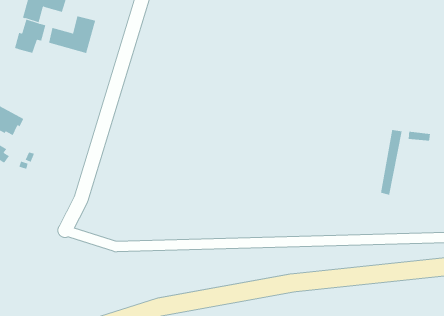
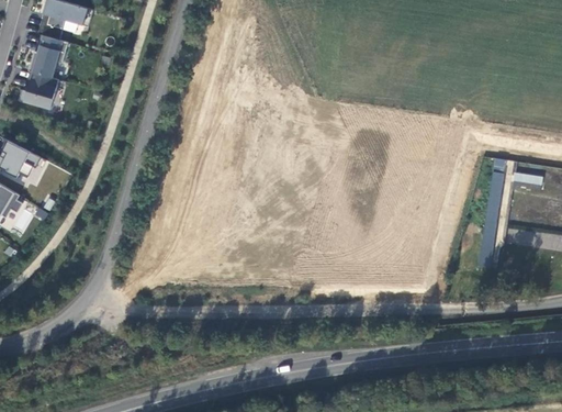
building: [49,15,96,54] -> none
building: none -> [20,71,58,108]

